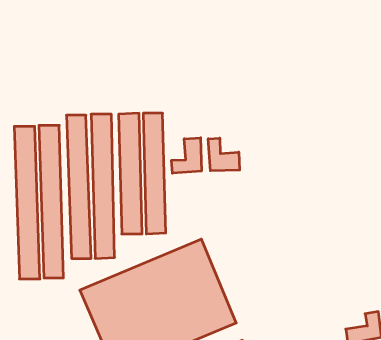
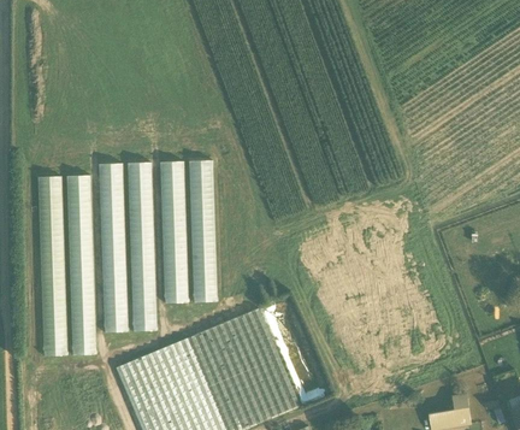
building: [172,138,201,173] -> none
building: [208,138,240,171] -> none

